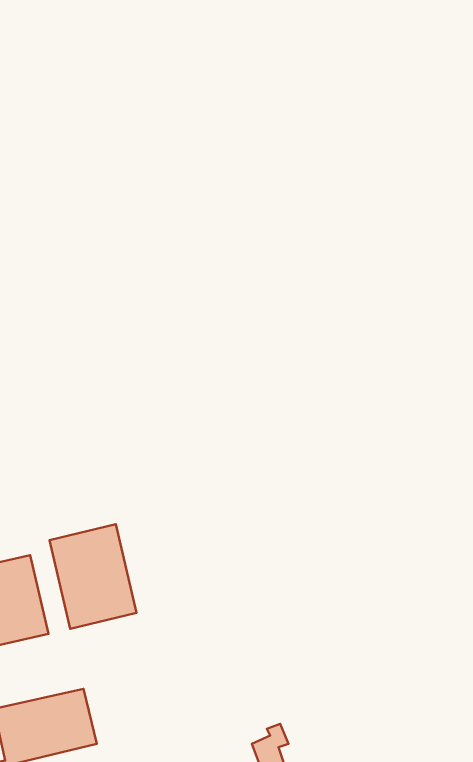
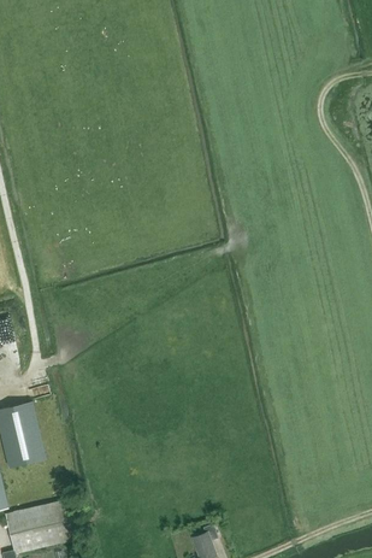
building: [49,524,136,629] -> none

